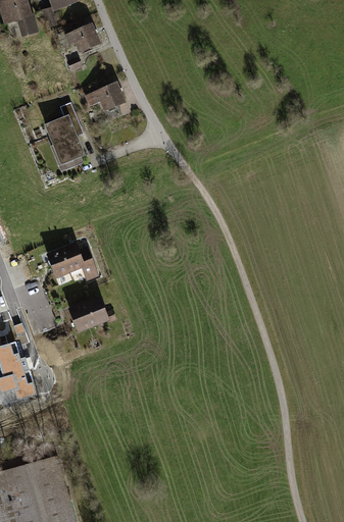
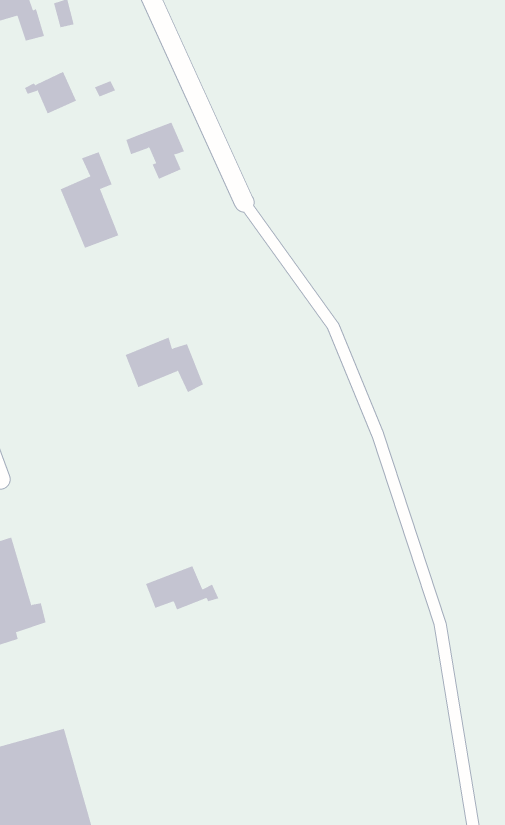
building: [65,24,98,51] -> [24,71,77,114]
building: [48,244,97,278] -> [125,337,204,393]
building: [69,298,115,325] -> [145,566,219,610]

